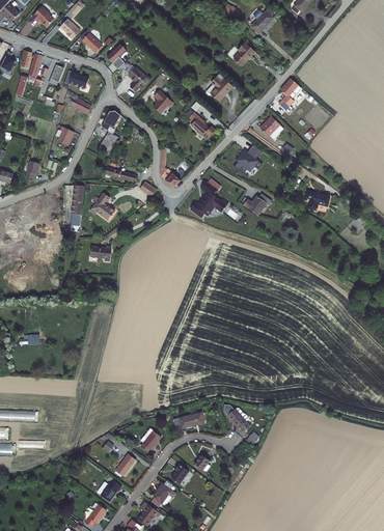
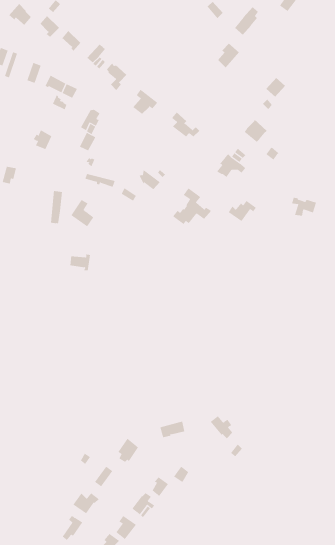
building: [205,75,232,103] -> none

